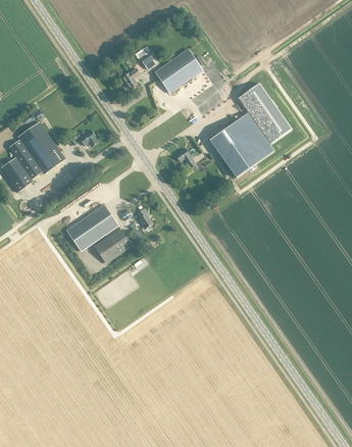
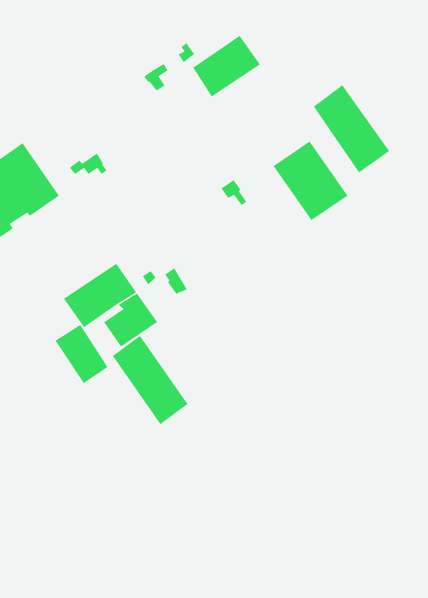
building: none -> [54,324,109,384]
building: none -> [112,335,189,425]

